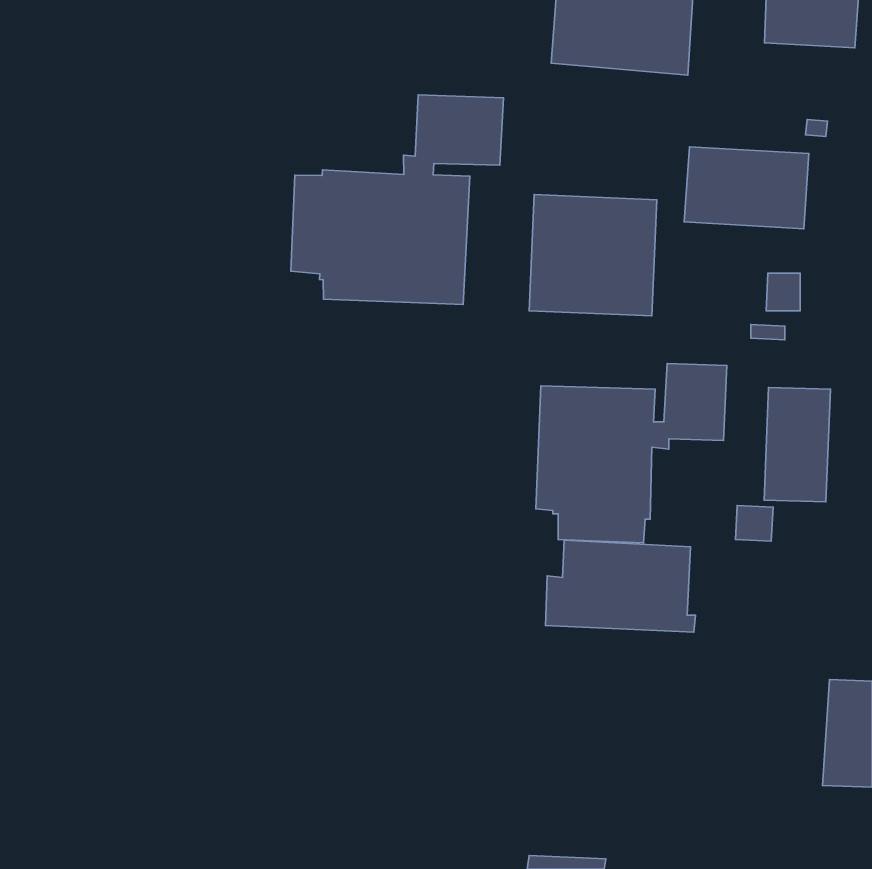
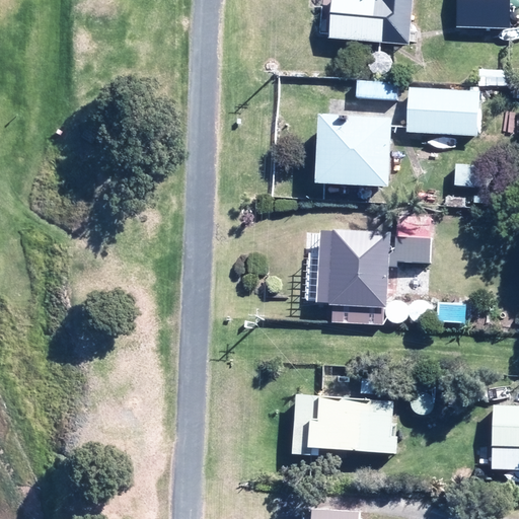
building: [291,95,504,305] -> none
building: [764,388,830,502] -> none
building: [545,540,696,632] -> [308,395,397,450]

